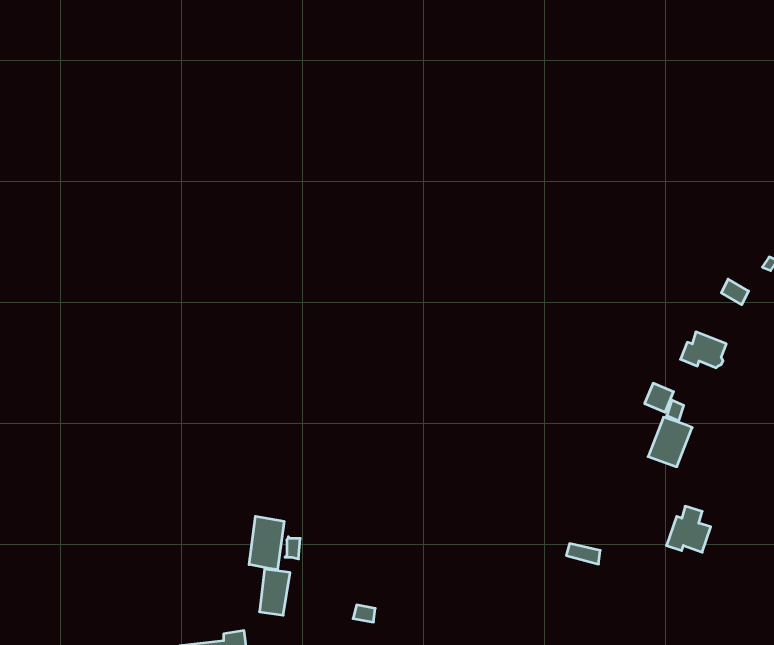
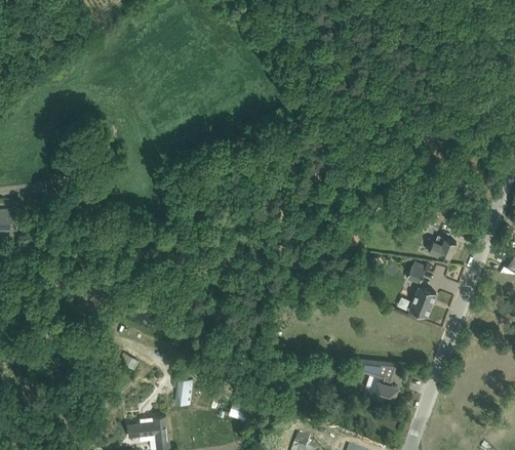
building: [666,506,711,552] -> [370,372,397,400]
building: [249,516,284,570] -> none

